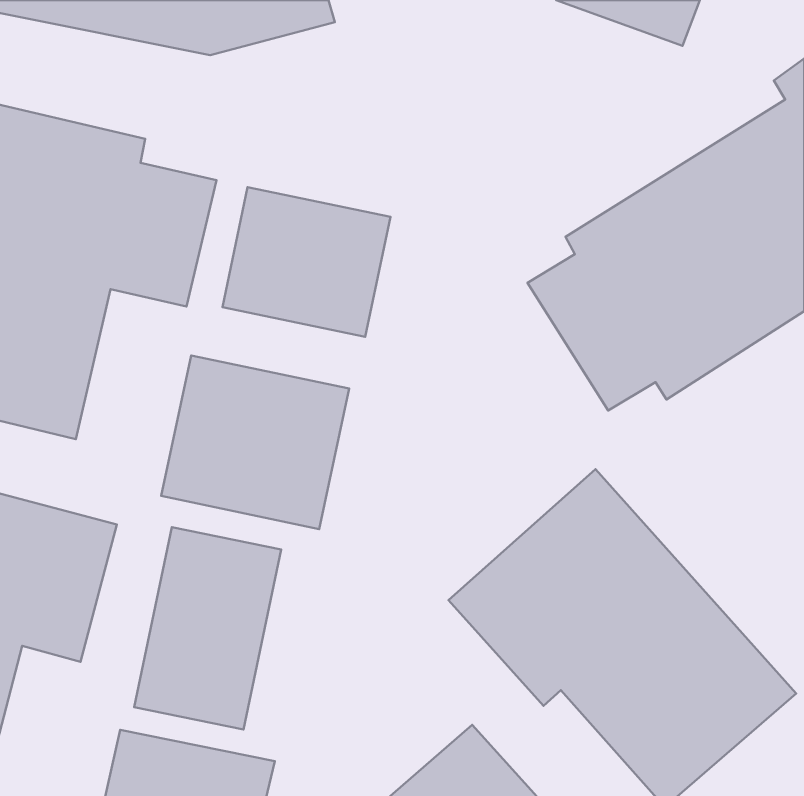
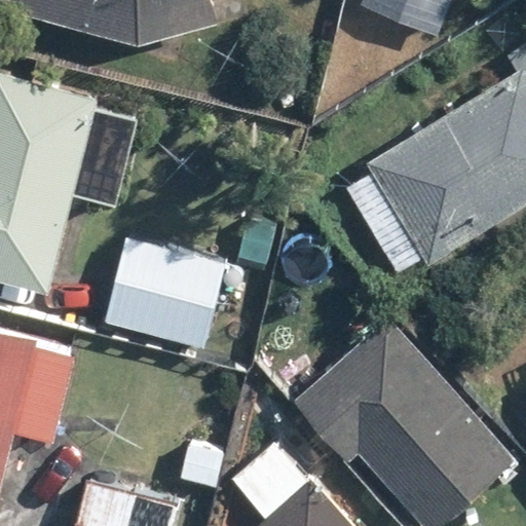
building: [222,187,390,337] -> none
building: [134,527,281,730] -> none

